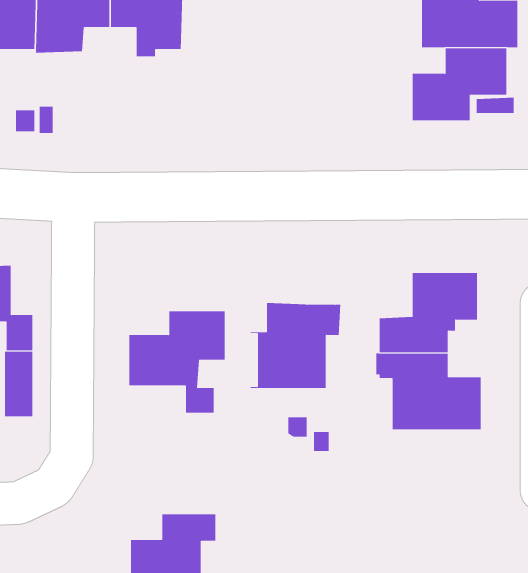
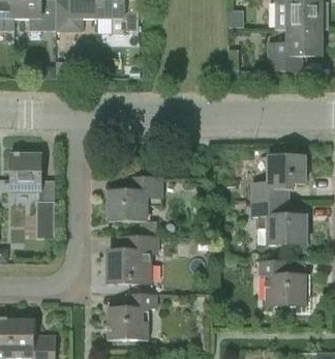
building: [250,302,341,388] -> [108,235,159,283]
building: none -> [257,260,306,307]

